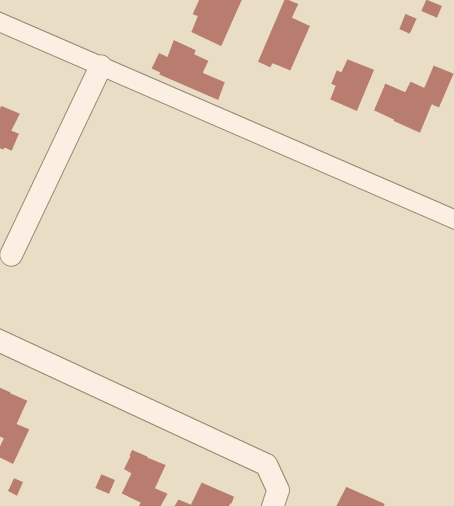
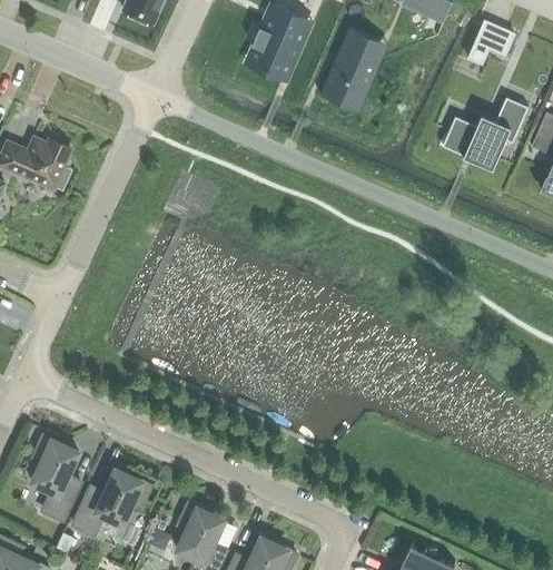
building: [151,39,226,101] -> none
building: [329,58,375,112] -> none
building: none -> [73,470,152,534]

